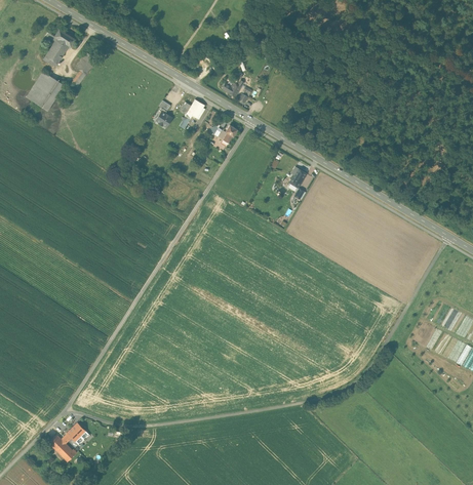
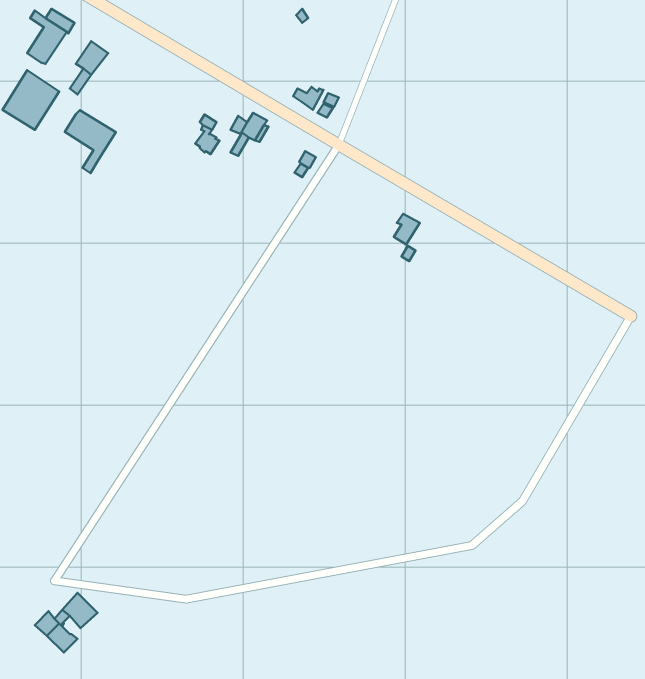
building: none -> [65,110,116,173]

